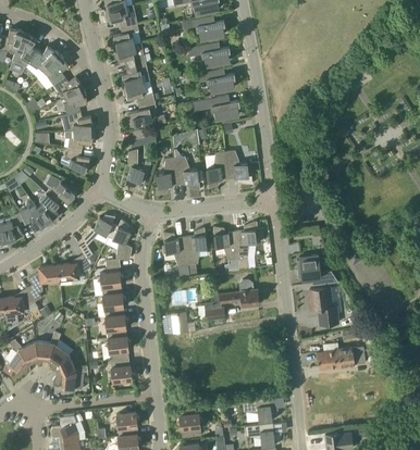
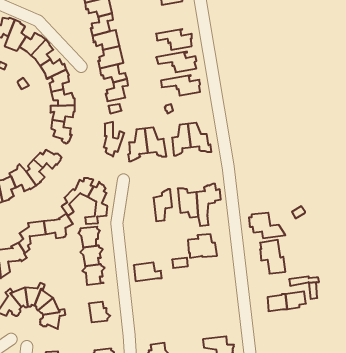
building: [192,15,225,40] -> none
building: [162,233,189,277] -> none
building: [106,337,131,361] -> none

